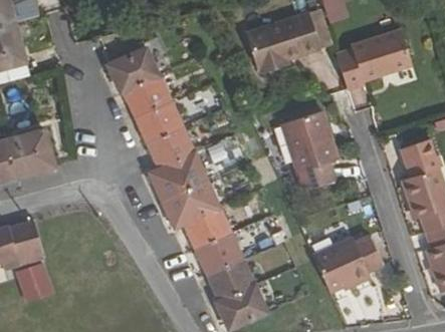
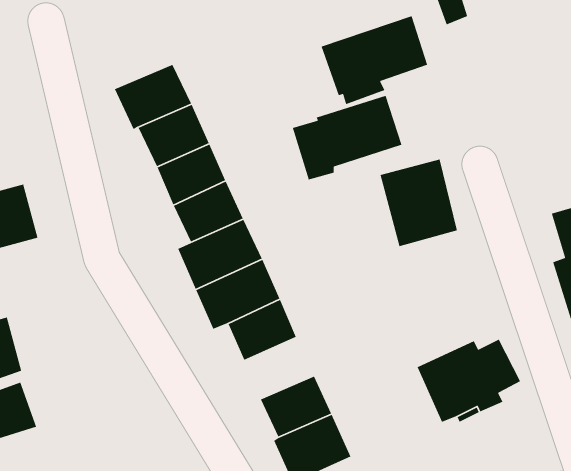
building: [336,30,411,88] -> [292,95,403,181]
building: [194,233,242,275] -> none

